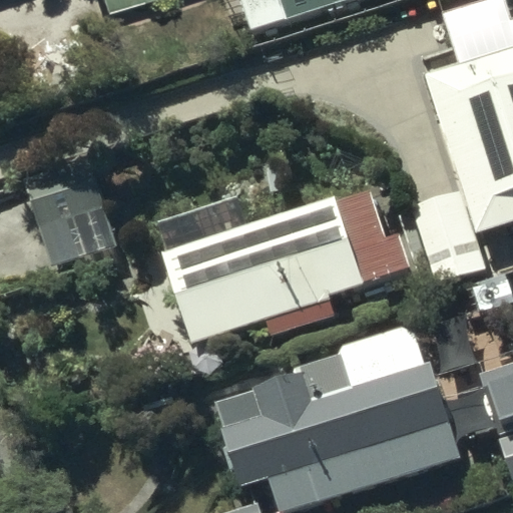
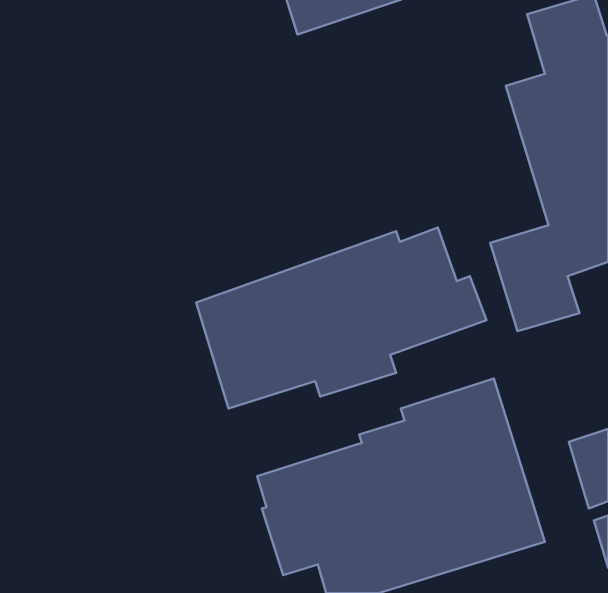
building: [23,156,118,263] -> none

